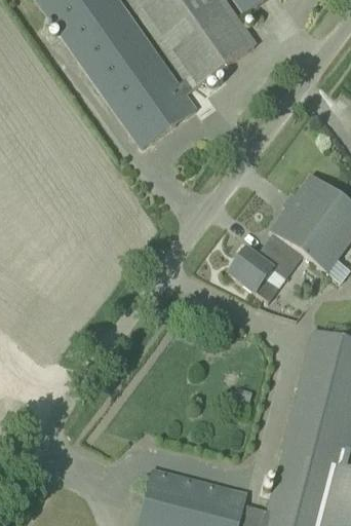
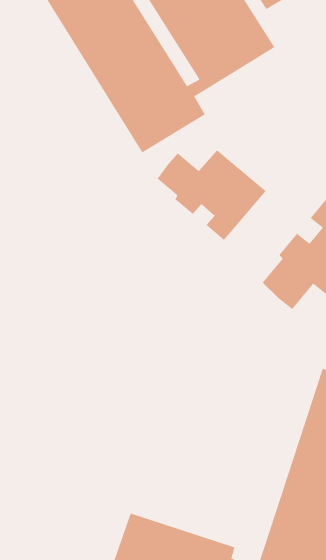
building: none -> [157,149,266,241]
building: [230,249,279,302] -> none

